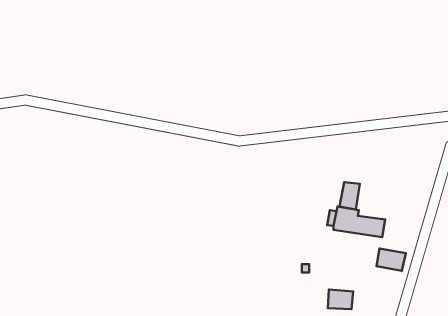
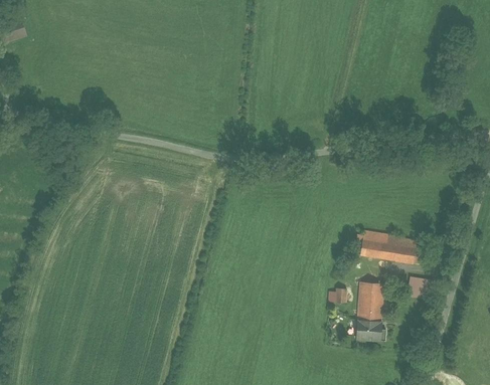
building: [340,182,360,210] -> none
building: none -> [357,282,385,322]

